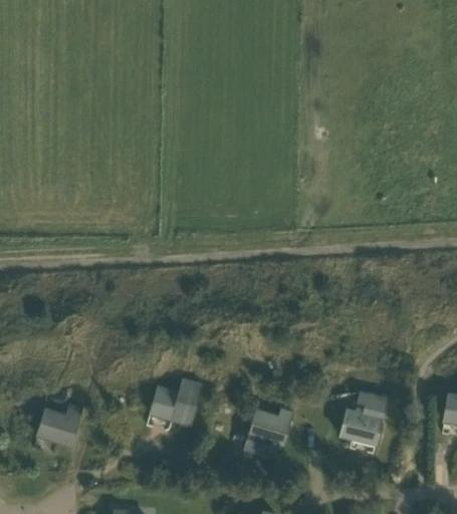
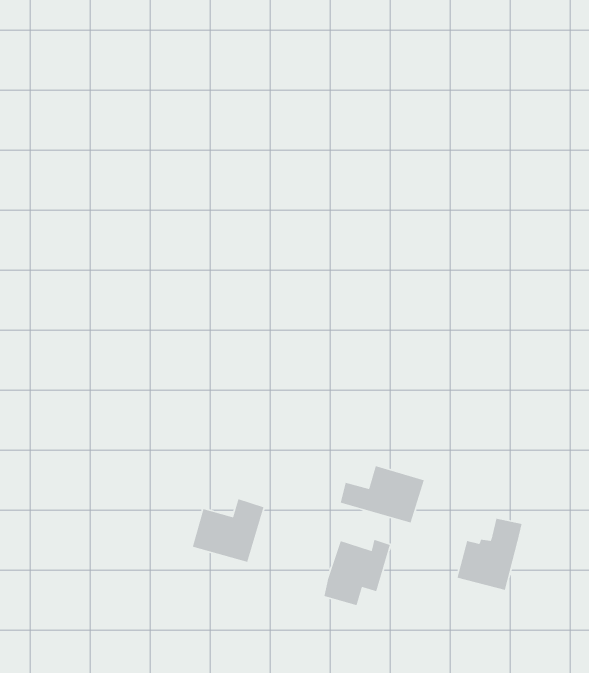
building: none -> [340,465,425,523]
building: [36,406,81,446] -> none

